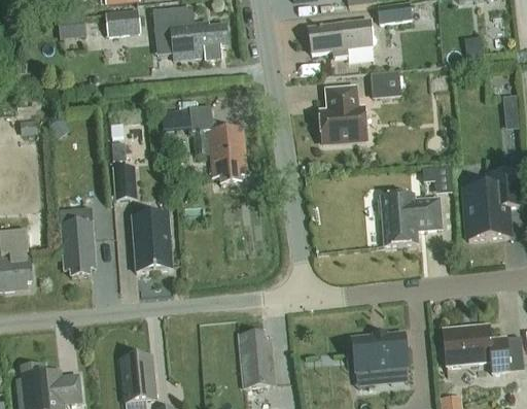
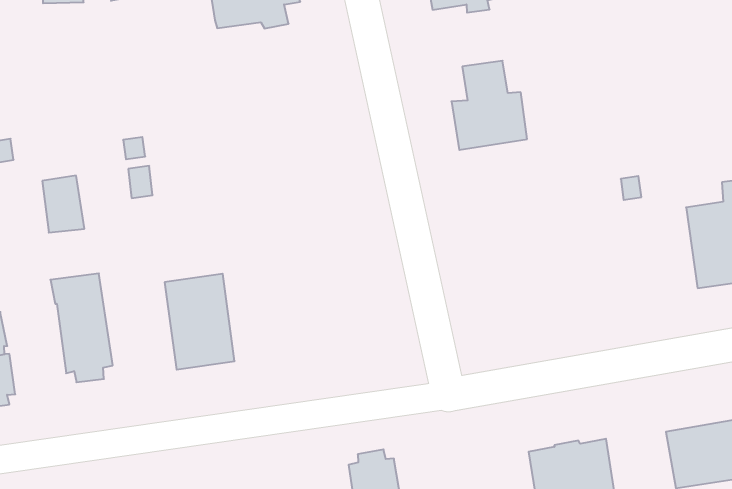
building: [370,72,399,98] -> none
building: [161,103,249,184] -> none
building: [114,166,139,201] -> [42,176,84,233]
building: [377,195,441,246] -> none

